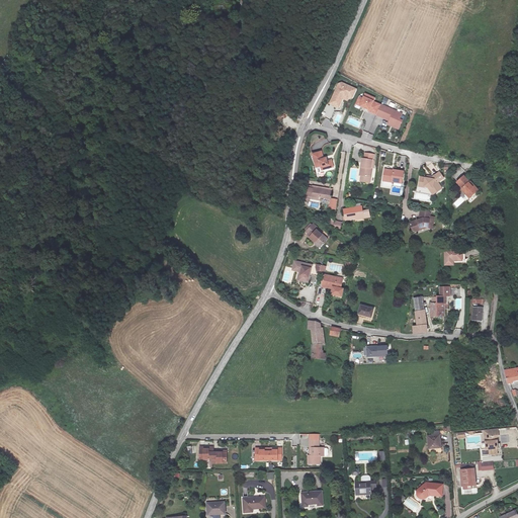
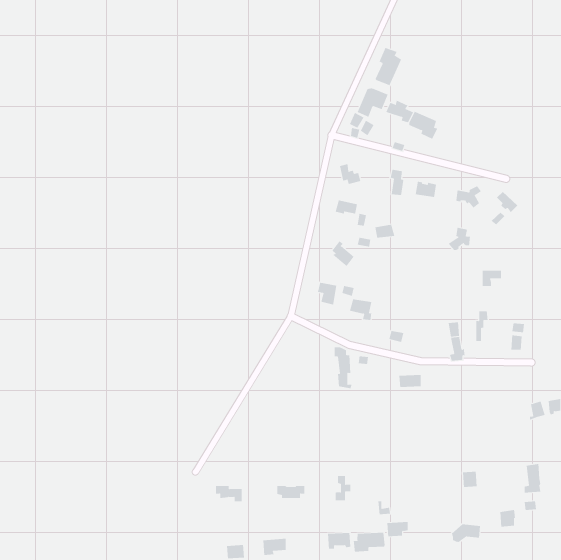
building: none -> [375,47,402,87]
building: none -> [353,532,385,552]

